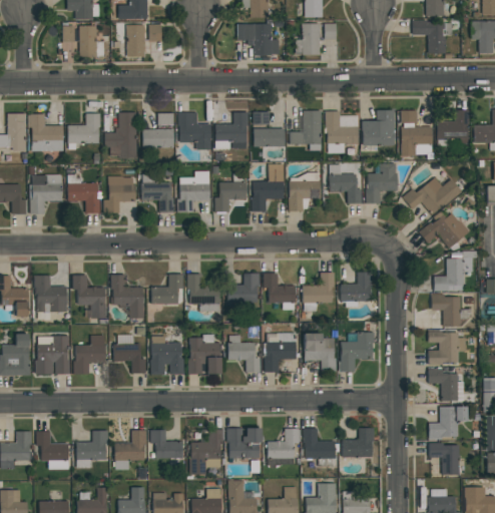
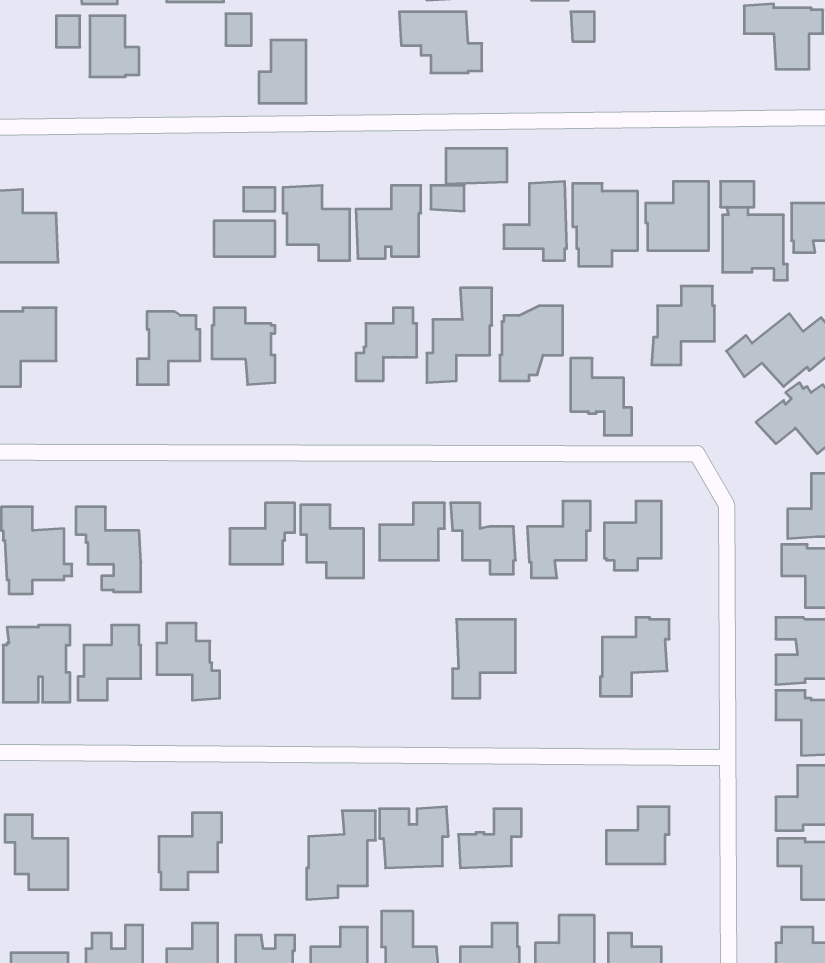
building: [295,24,320,55] -> none
building: [120,25,144,57] -> [259,40,306,103]
building: [104,112,136,158] -> none
building: [67,113,100,150] -> none
building: [254,129,285,147] -> [446,148,507,184]
building: [330,164,361,203] -> [571,358,632,435]
building: [177,171,209,212] -> none
building: [67,174,101,213] -> none
building: [110,275,143,319] -> none
building: [304,334,337,373] -> none
building: [187,335,220,375] -> none
building: [150,336,183,375] -> none
building: [227,336,260,373] -> none
building: [303,429,335,466] -> none
building: [76,430,108,469] -> none
building: [150,431,182,459] -> none

